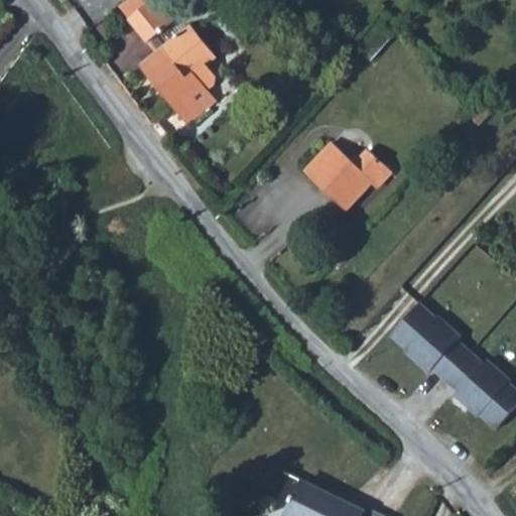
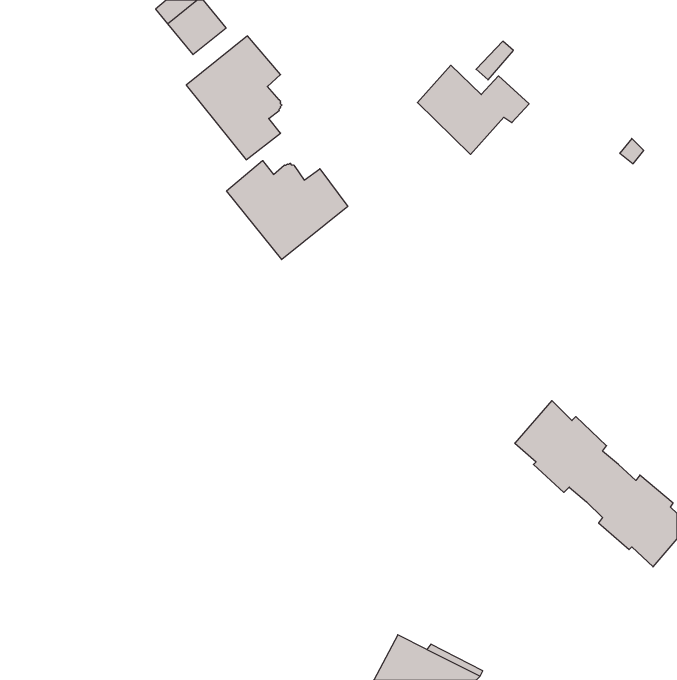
building: none -> [227,161,348,260]
building: [304,142,389,210] -> [417,65,529,154]

